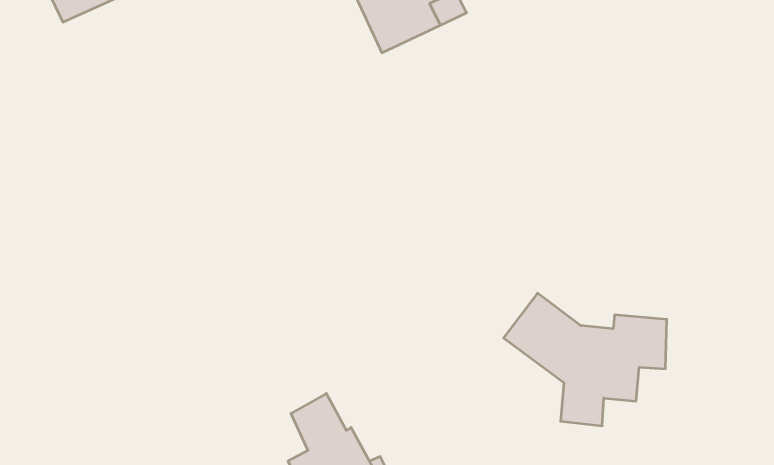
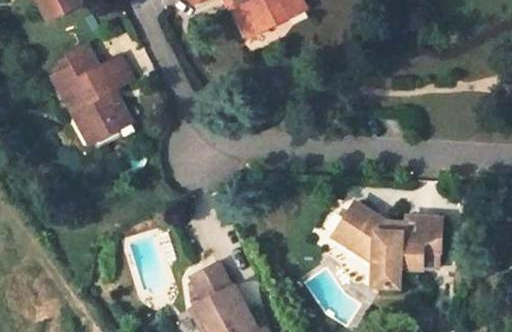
building: none -> [59,47,134,140]

